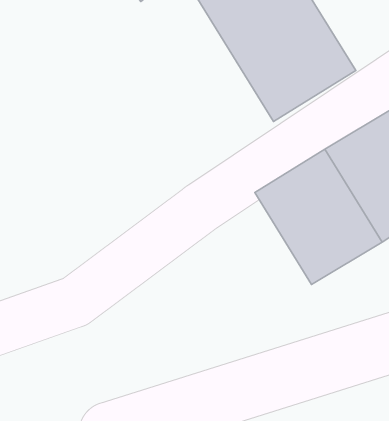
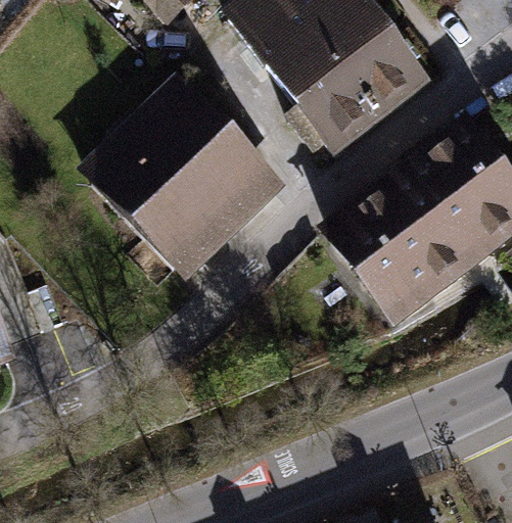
building: none -> [94,87,277,271]

